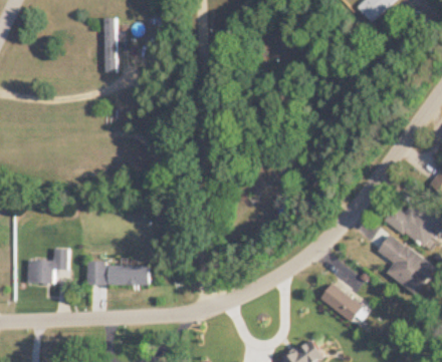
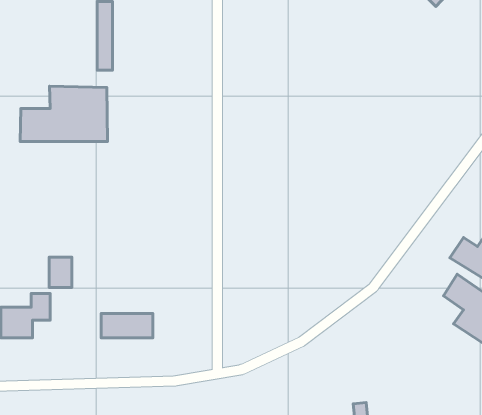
building: none -> [20,86,107,142]
building: [86,261,104,285] -> [49,257,72,288]
building: [320,283,364,322] -> none

